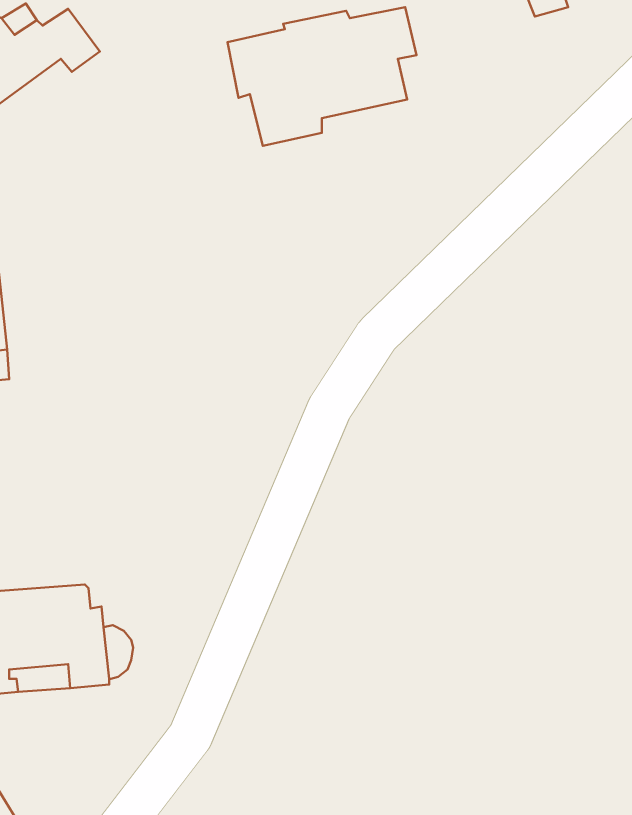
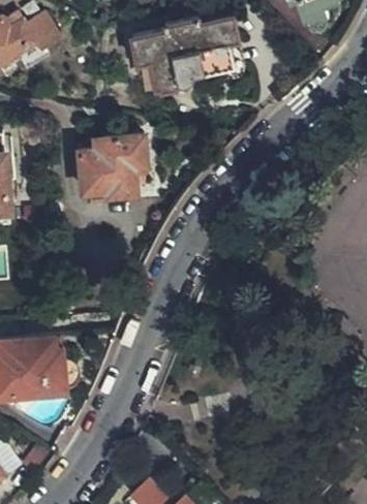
building: none -> [80,136,144,196]

